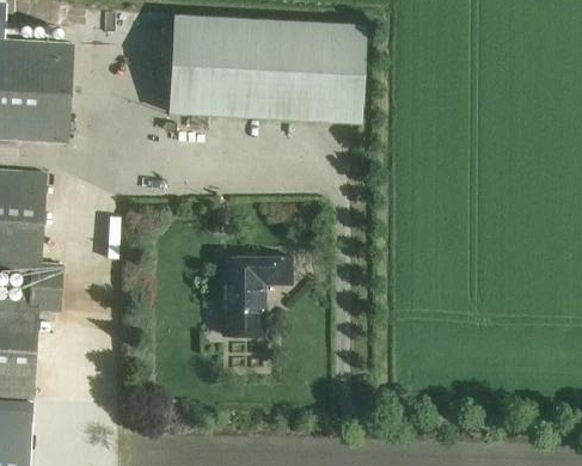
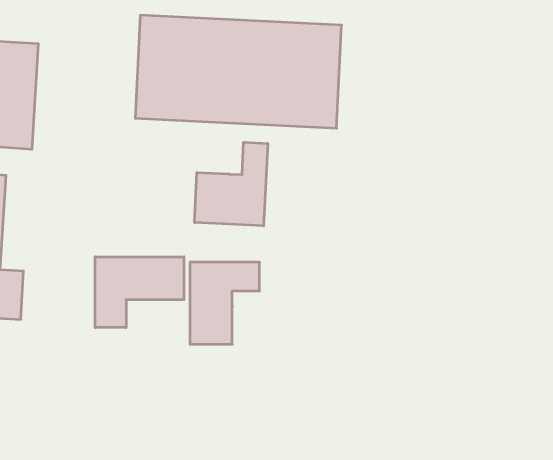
building: none -> [195,142,268,226]
building: none -> [95,257,184,328]

